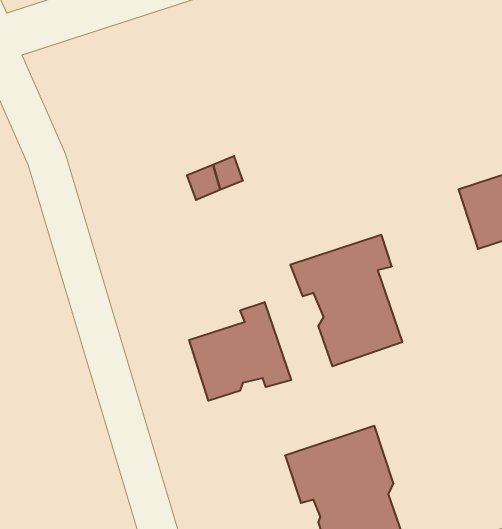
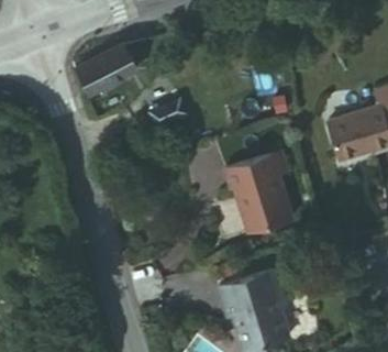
building: none -> [81,45,138,95]
building: [189,302,291,401] -> none

